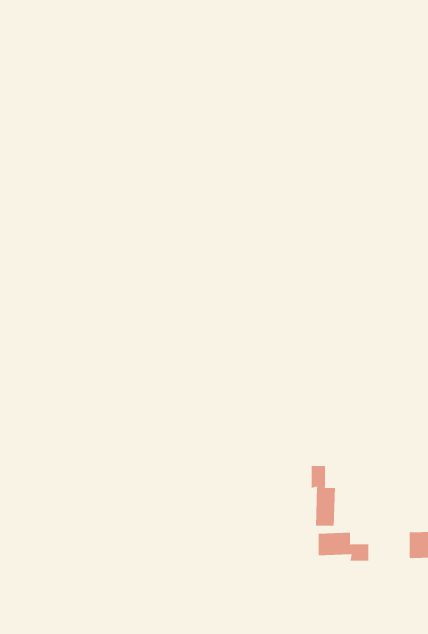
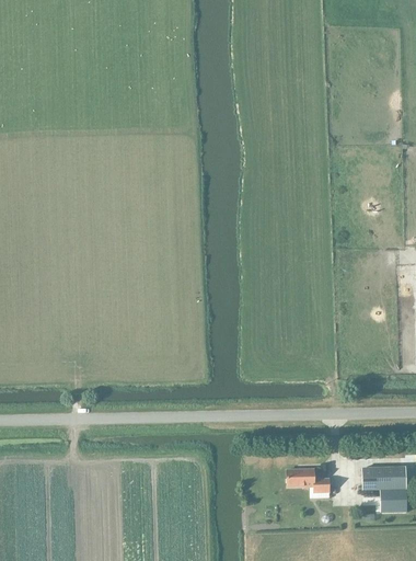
building: [311,465,335,526] -> none

